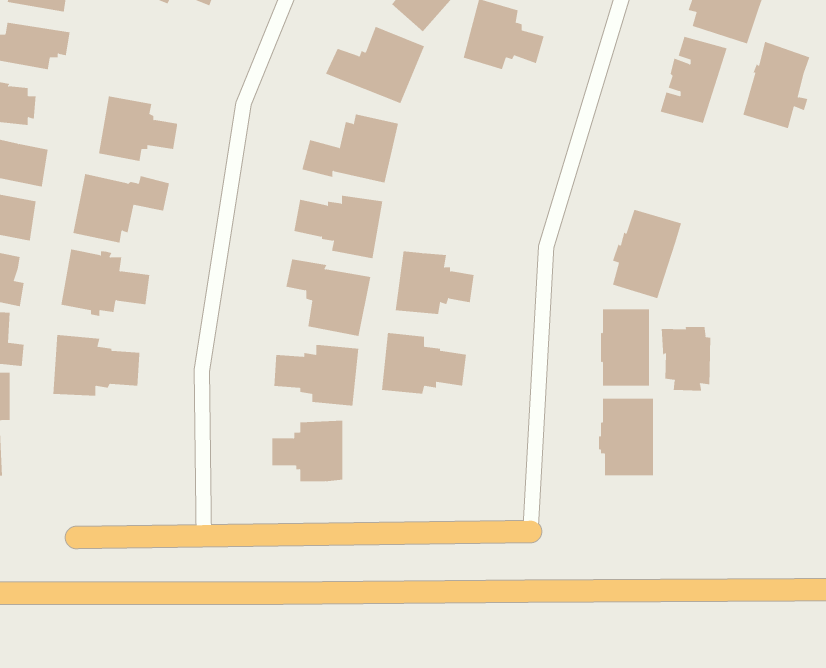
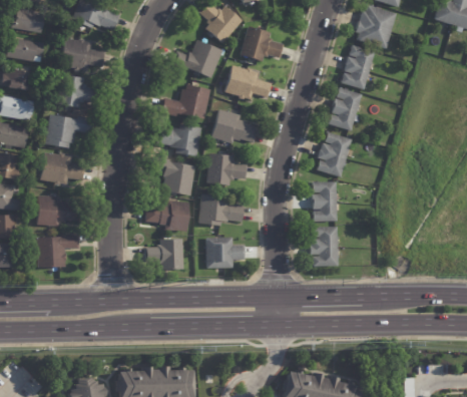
building: none -> [60,38,105,72]
building: [743,41,810,129] -> [327,87,361,131]
building: none -> [226,66,272,100]
building: none -> [212,109,258,144]
building: [661,326,711,392] -> none
building: none -> [38,234,79,269]
building: none -> [208,237,246,269]

